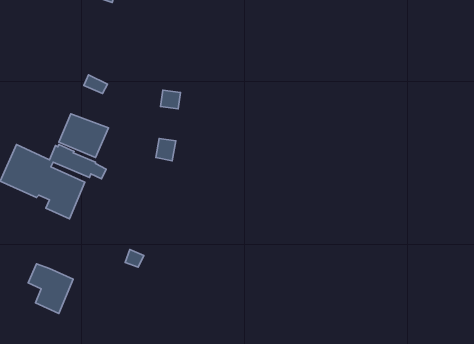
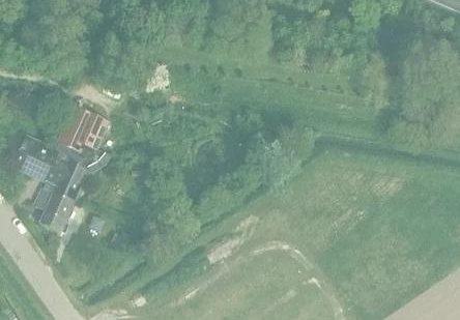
building: [28,264,73,314] -> [33,187,73,231]

